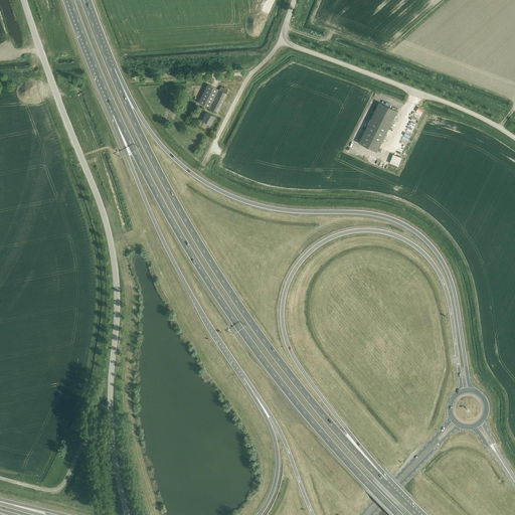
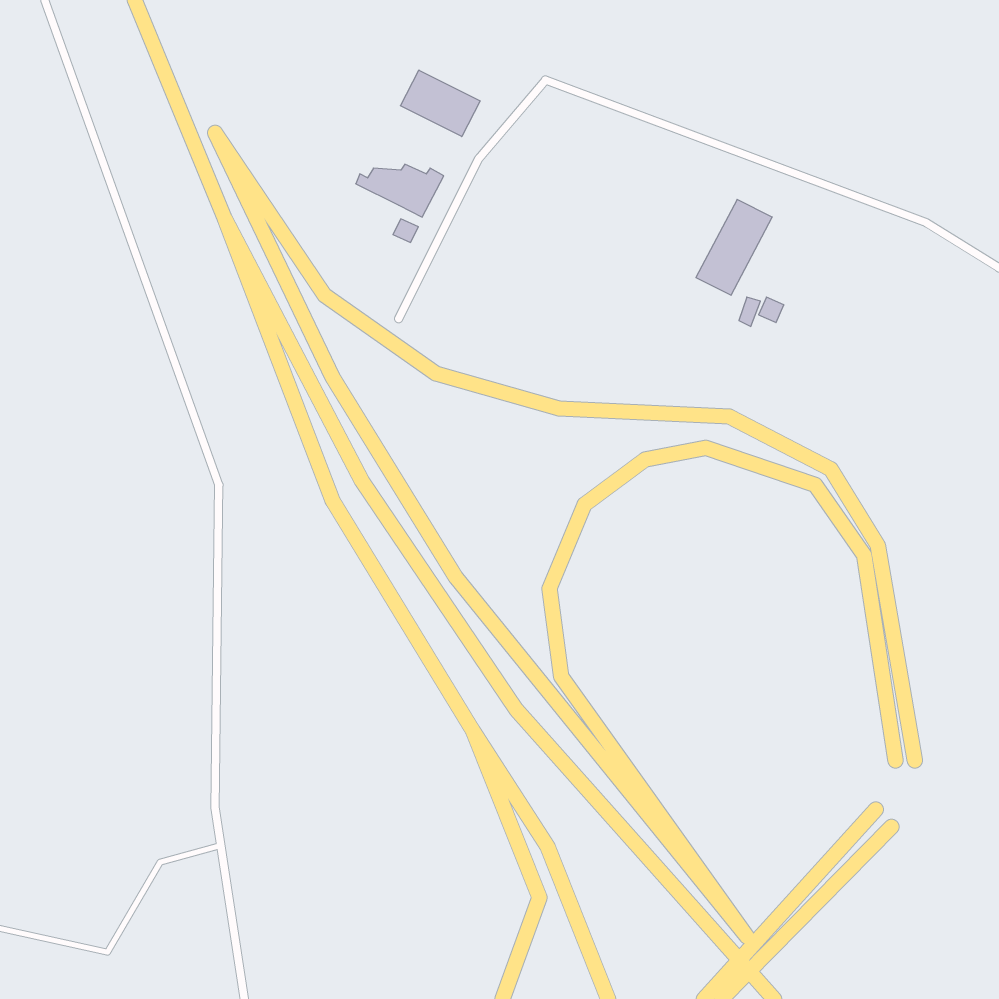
building: none -> [400,70,480,137]

